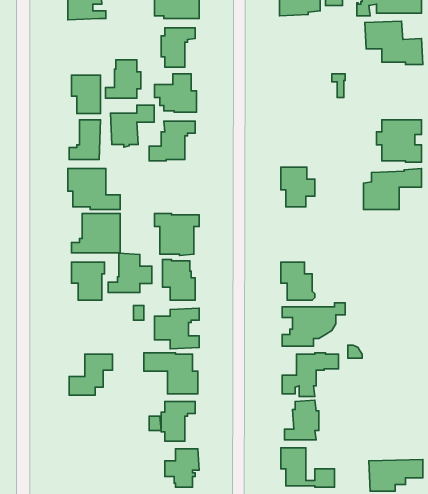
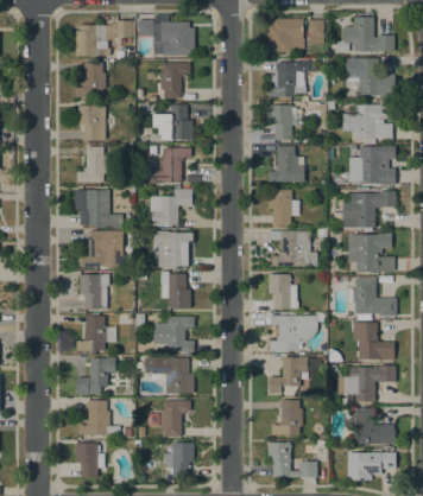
building: none -> [266,62,315,96]
building: [105,60,141,98] -> [74,62,106,96]
building: none -> [342,102,394,144]
building: none -> [269,104,296,139]
building: [111,105,154,147] -> [152,189,191,227]
building: none -> [267,146,304,182]
building: none -> [267,230,316,266]
building: none -> [348,234,393,271]
building: [108,253,152,293] -> [76,314,115,350]
building: none -> [347,276,396,316]
building: none -> [352,322,393,360]
building: none -> [336,365,396,401]
building: none -> [78,400,120,435]
building: none -> [346,409,393,444]
building: none -> [75,443,105,477]

